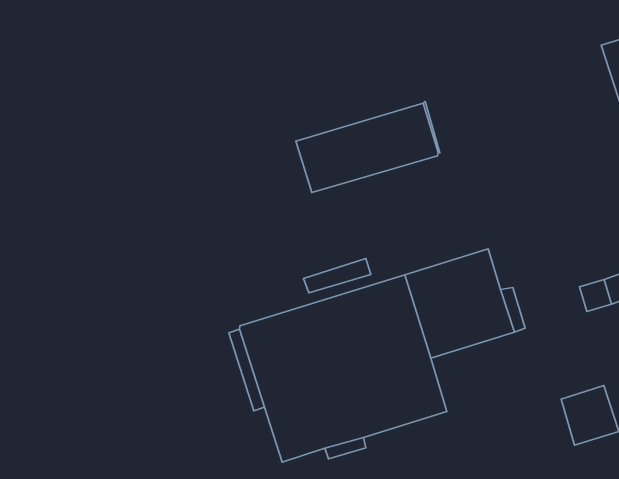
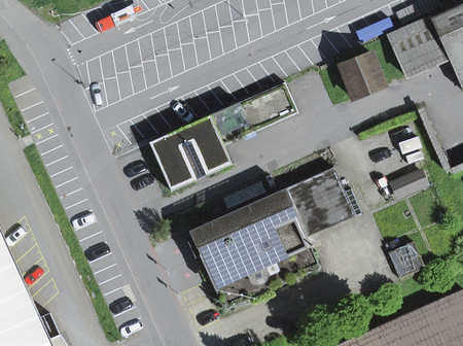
building: none -> [341,53,385,99]
building: none -> [150,115,233,192]

